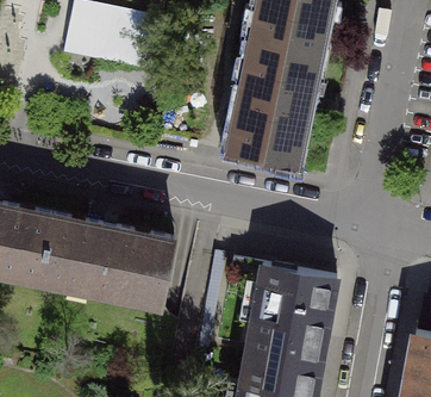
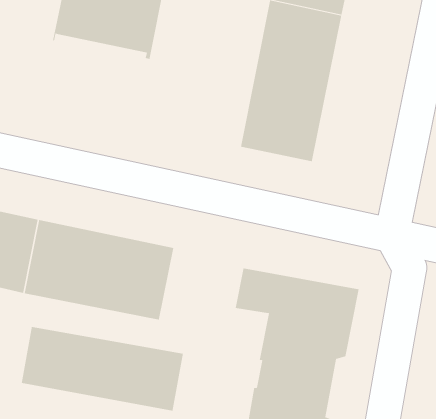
building: none -> [21,326,183,411]

